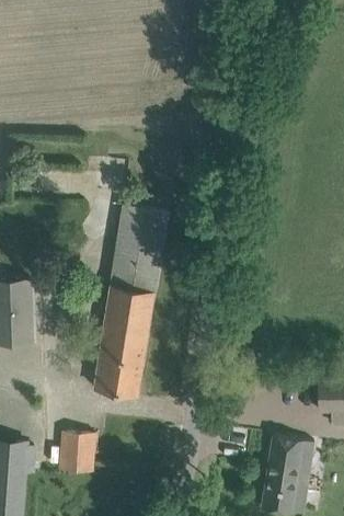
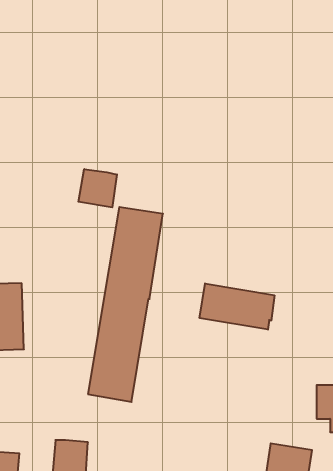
building: none -> [78,169,117,207]
building: none -> [200,283,274,330]

